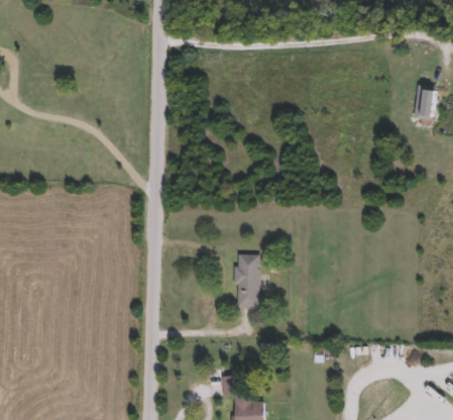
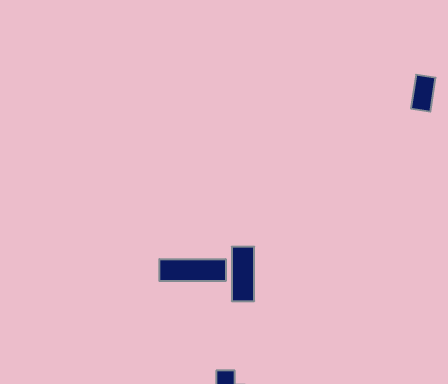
building: none -> [159,259,226,281]

